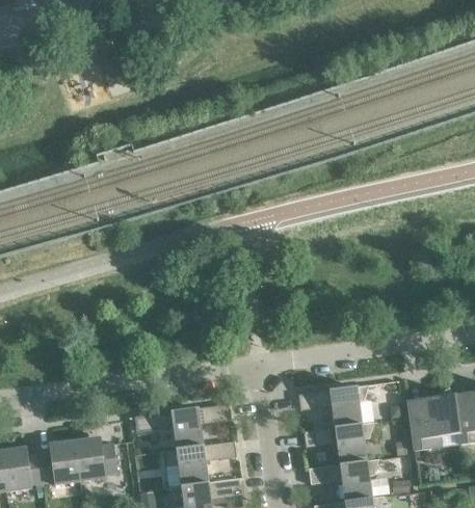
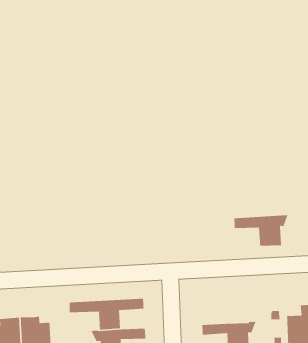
building: [297,383,371,427] -> [233,214,292,246]

